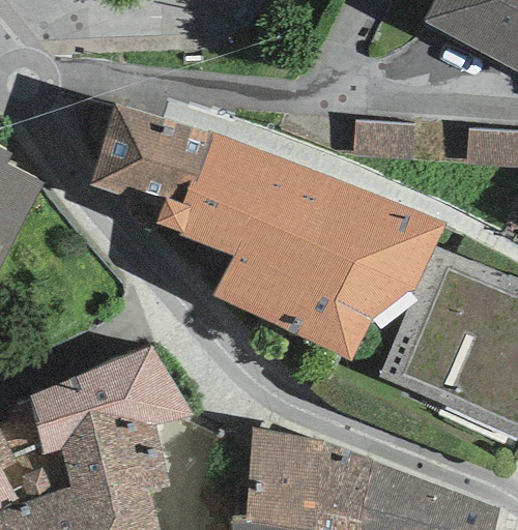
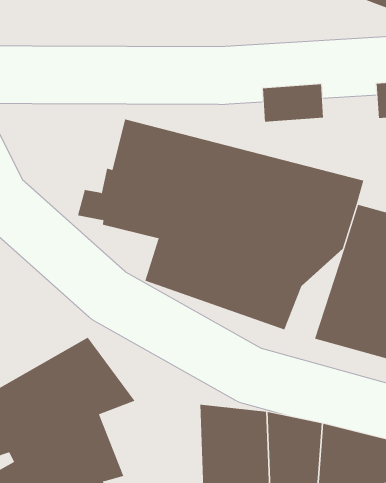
building: [90,104,214,204] -> none

